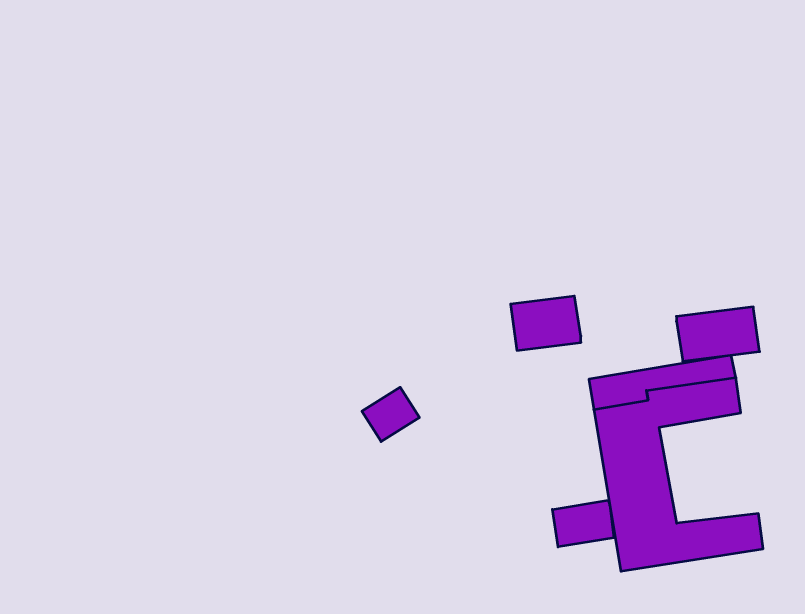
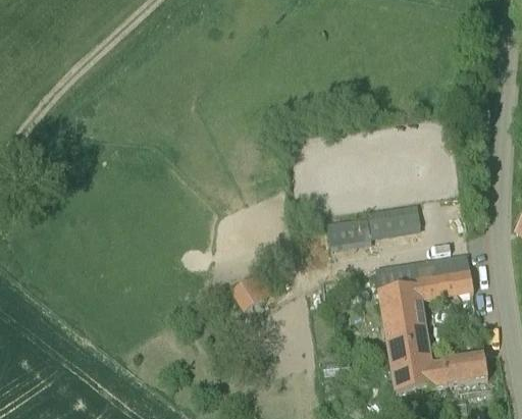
building: [676,307,760,361] -> [367,206,420,241]
building: [552,500,614,547] -> none

